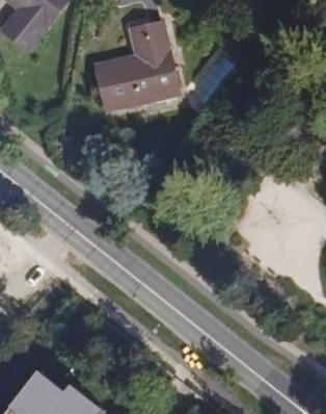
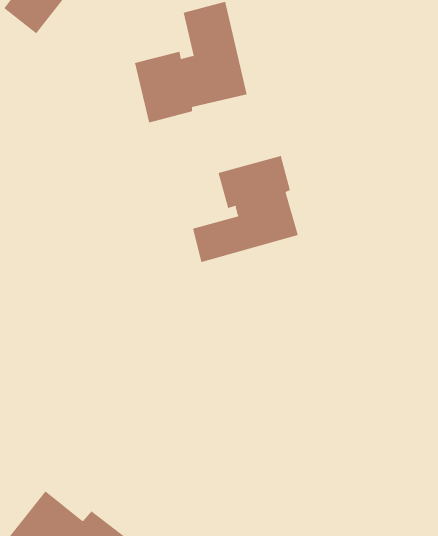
building: none -> [193,155,299,263]

